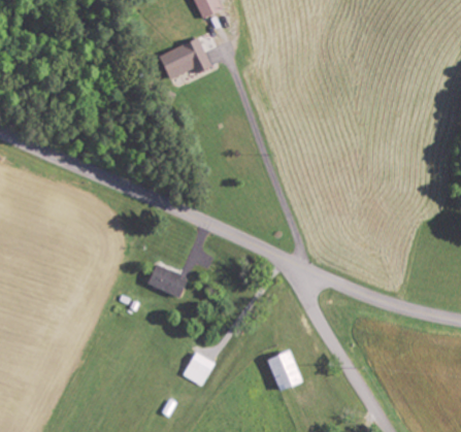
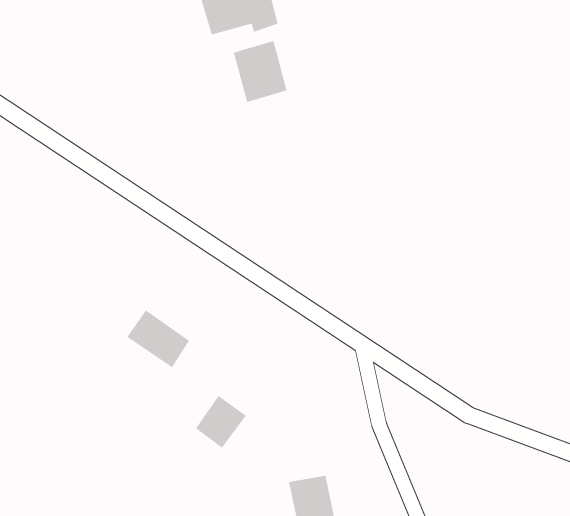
building: none -> [233,40,287,103]
building: [185,352,217,386] -> [195,395,247,449]

